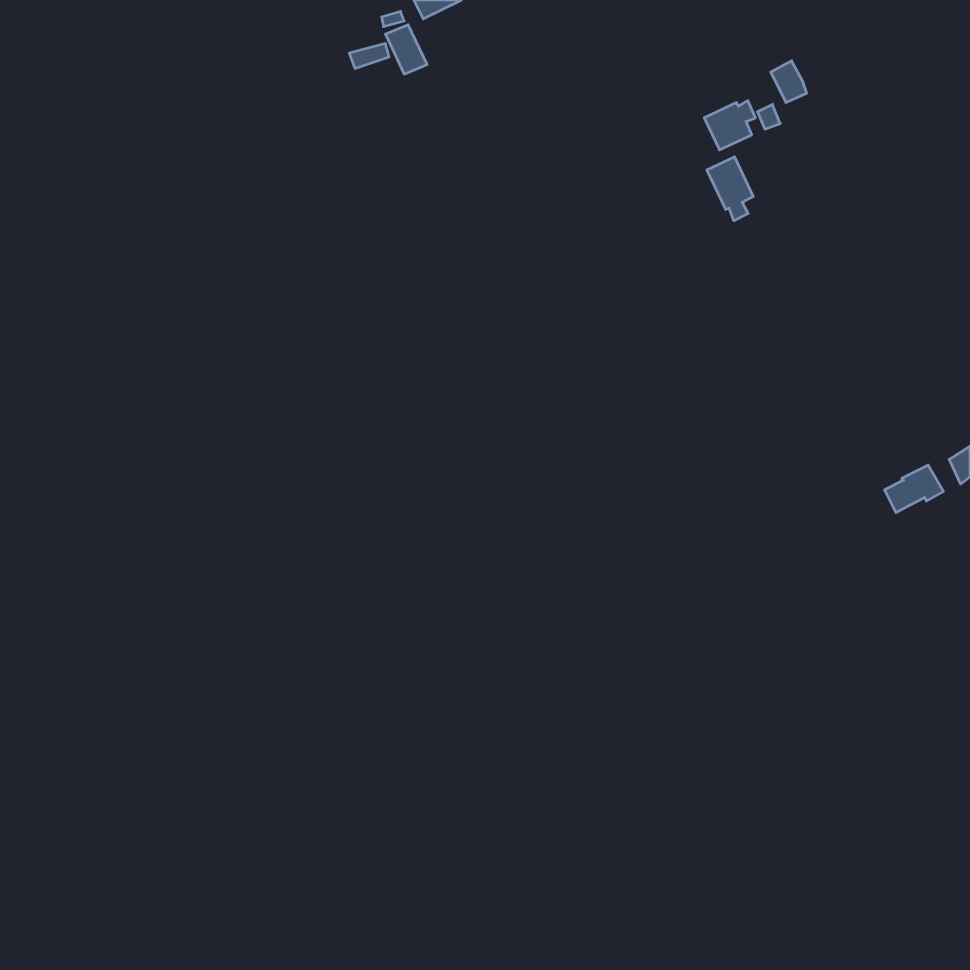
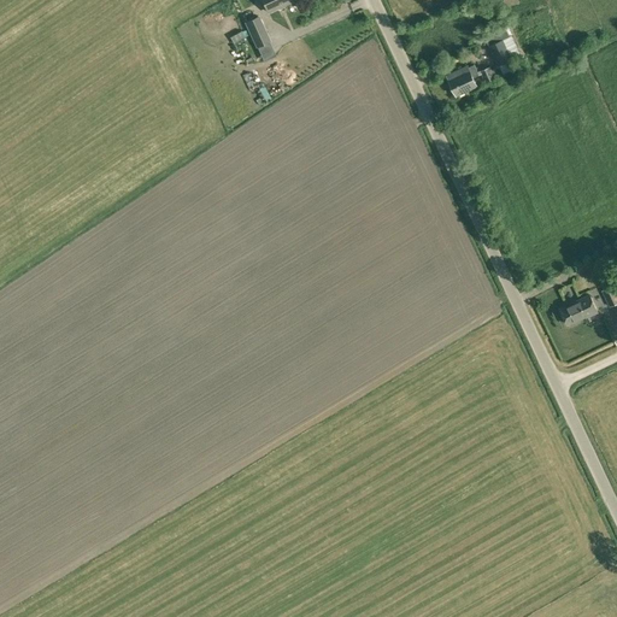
building: [707,157,753,221] -> none

